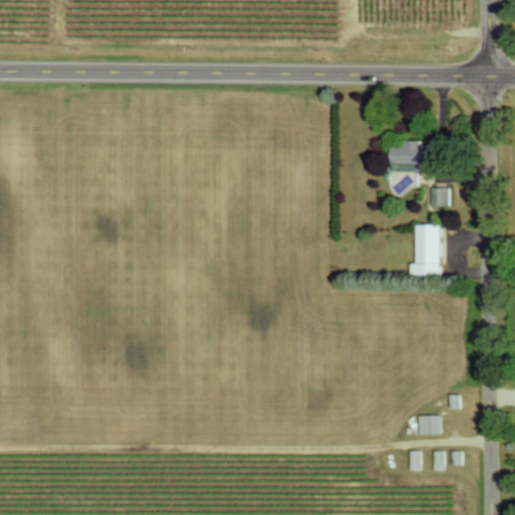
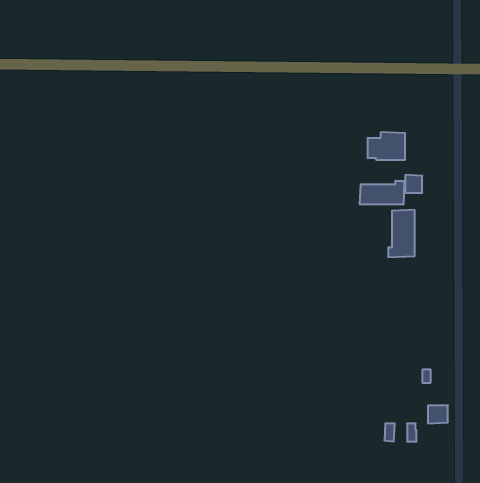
building: none -> [360,181,404,205]
building: [417,414,439,434] -> [428,405,448,423]

